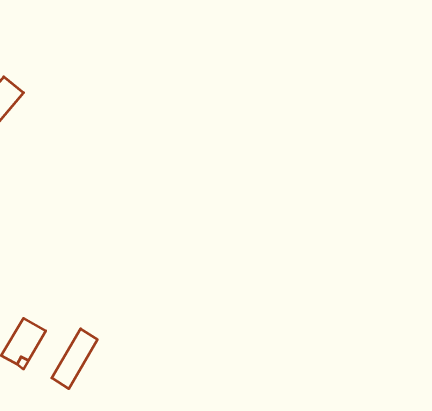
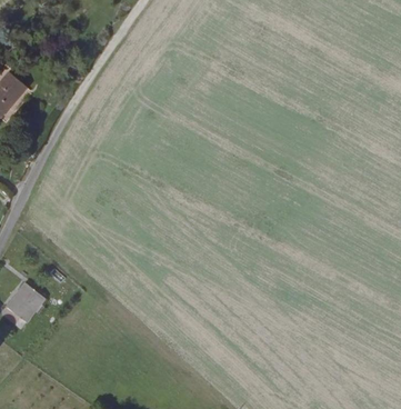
building: [52,329,97,389] -> none

